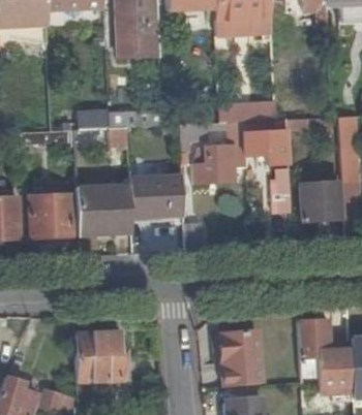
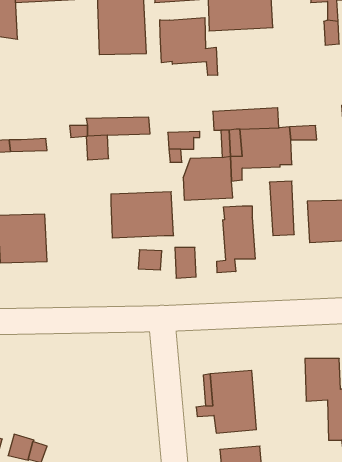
building: none -> [160,18,218,75]
building: [78,185,132,235] -> none
building: none -> [217,206,255,273]
building: [77,332,124,381] -> none

